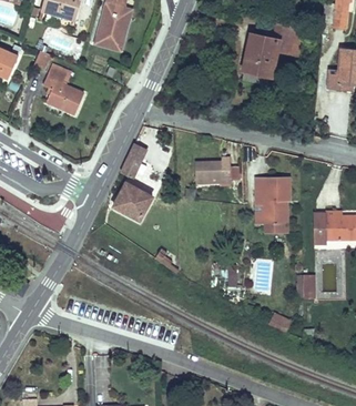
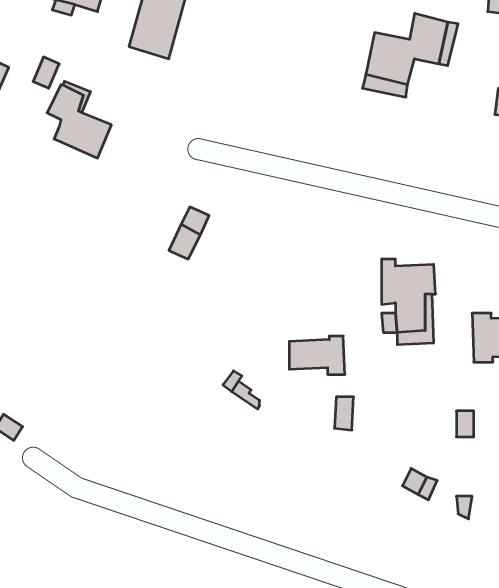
building: [195,159,231,183] -> [289,336,345,374]
building: [113,183,152,221] -> none

